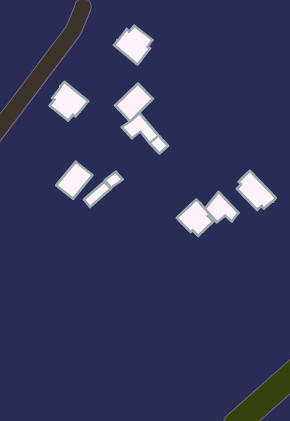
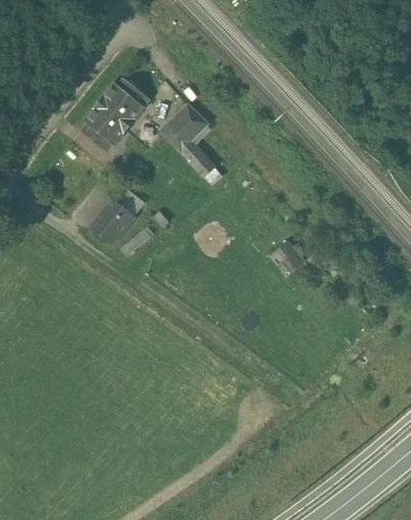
building: [114,26,153,64] -> [100,78,147,125]
building: [237,171,276,210] -> none
building: [177,200,213,236] -> none

